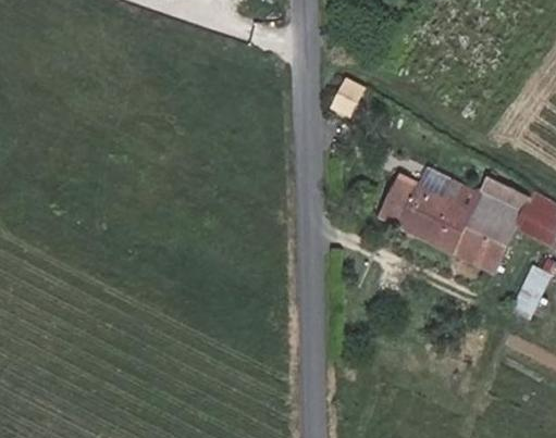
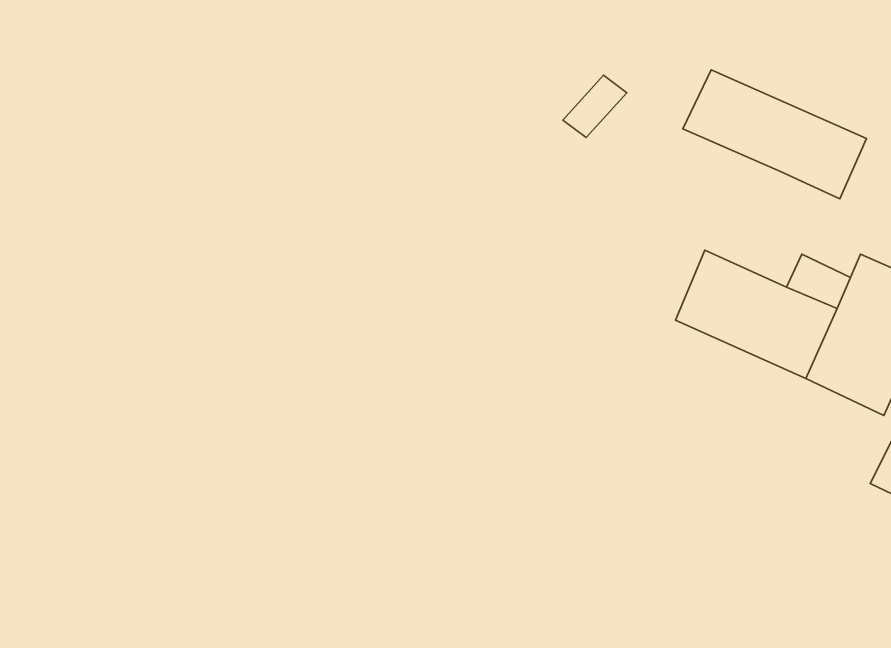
building: none -> [683,70,867,199]

